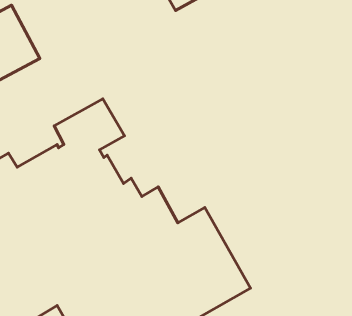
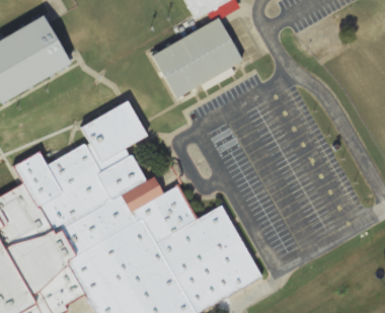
building: none -> [152,18,242,98]

